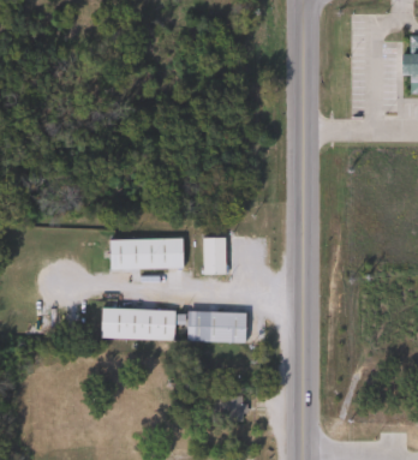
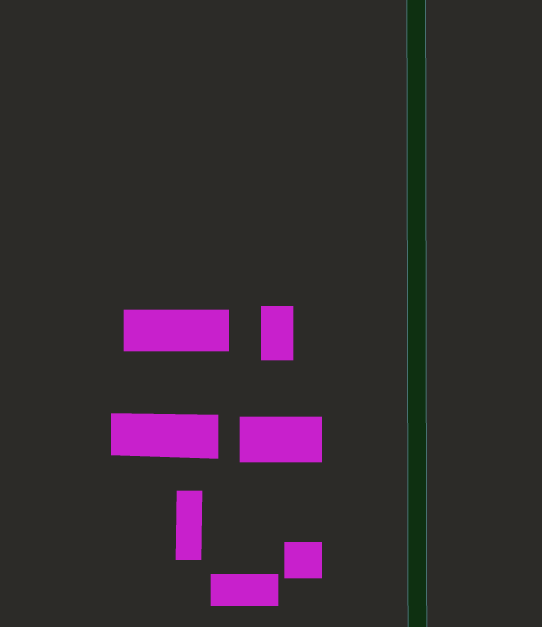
building: none -> [175,490,203,561]
building: none -> [210,573,279,607]

